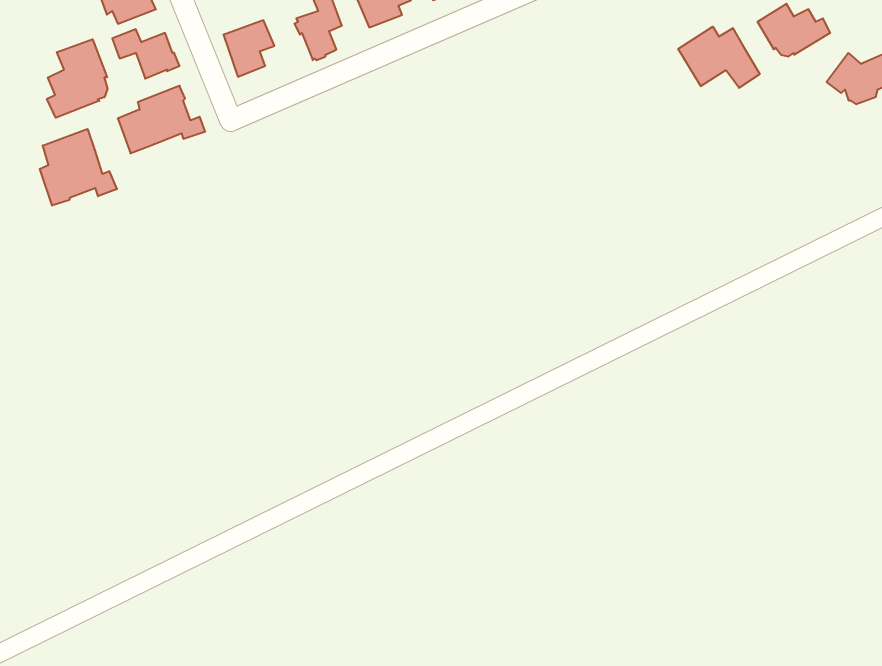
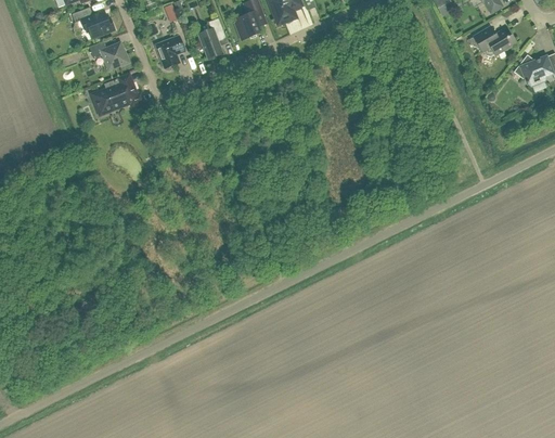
building: [678,27,760,88] -> none
building: [47,39,107,118] -> none
building: [40,129,117,206] -> none

